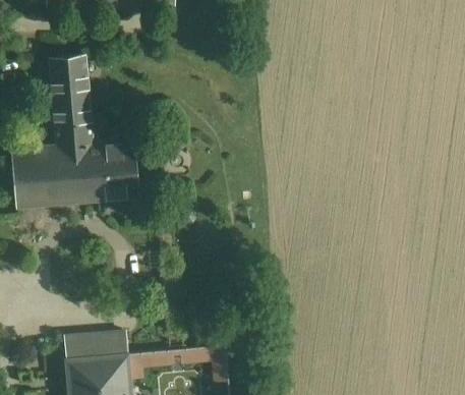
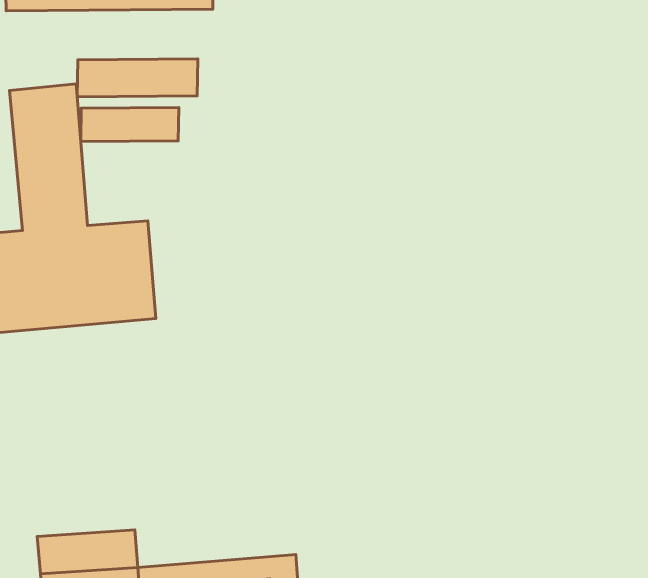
building: none -> [77,59,198,97]
building: none -> [81,107,179,141]

